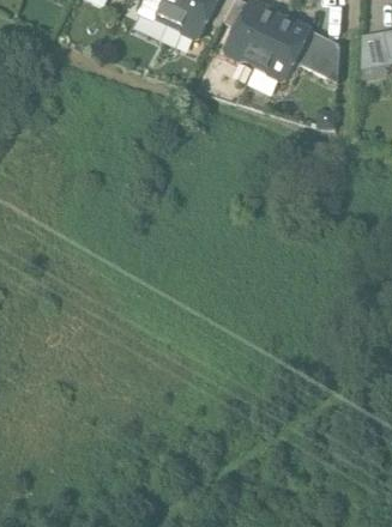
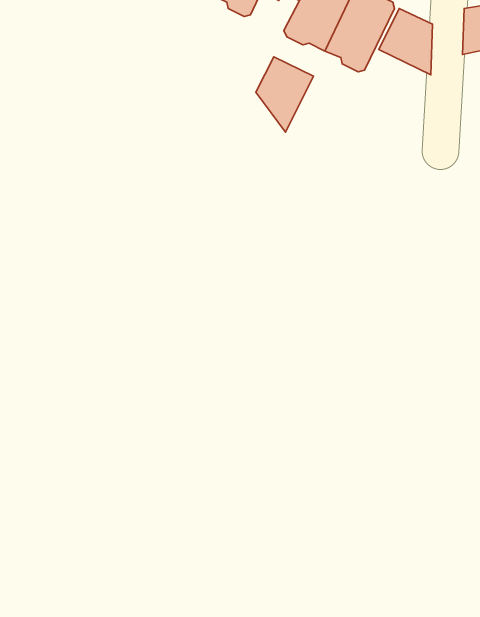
building: none -> [256,57,313,132]

